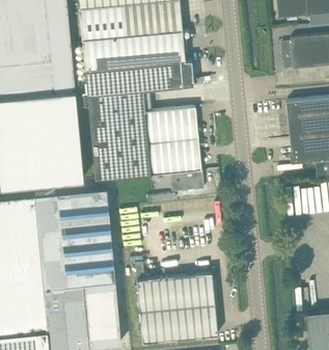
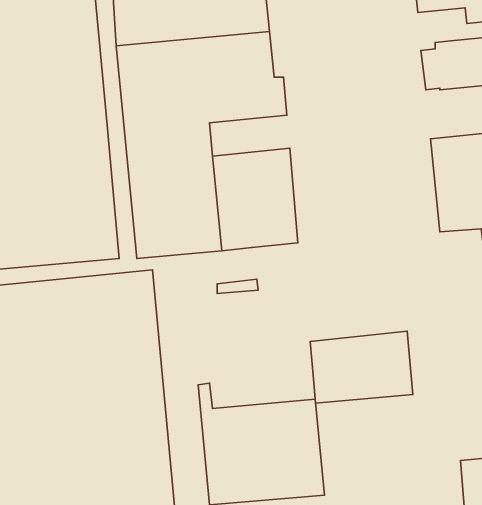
building: [170,170,203,192] -> none
building: none -> [310,331,413,403]

